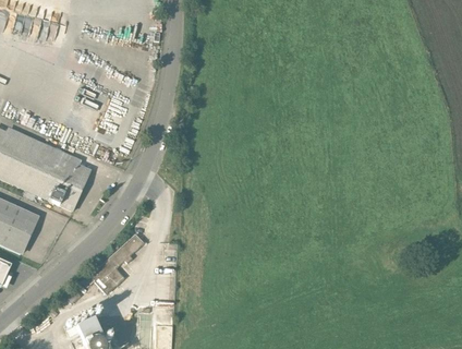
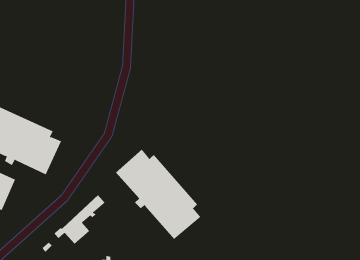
building: none -> [115,149,201,240]

